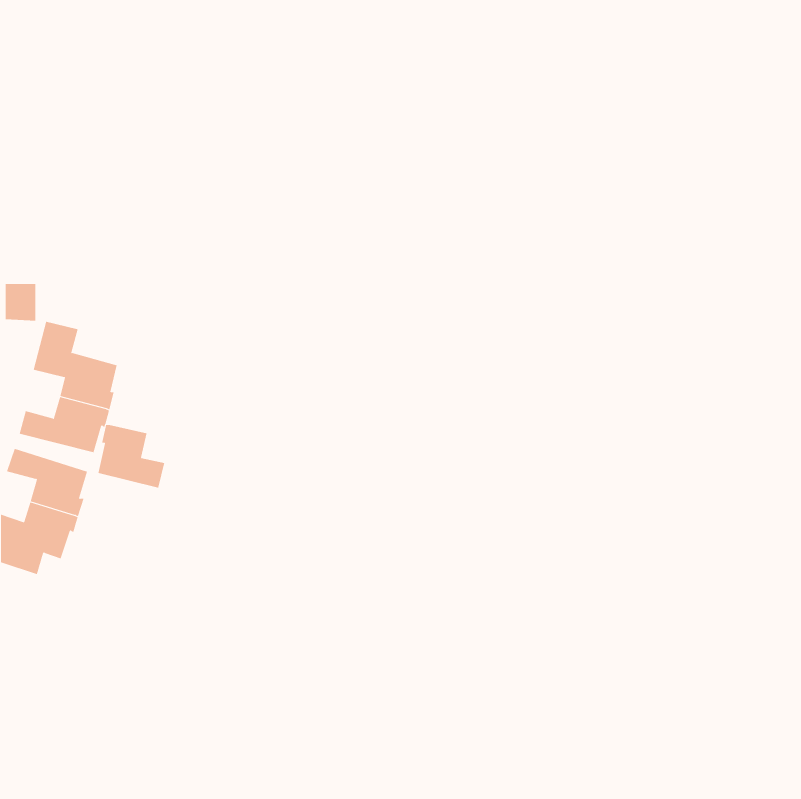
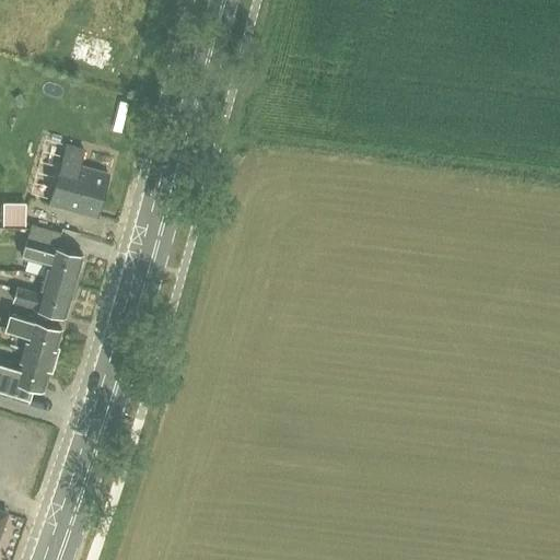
building: none -> [49,143,108,218]
building: [98,424,165,489] -> none

